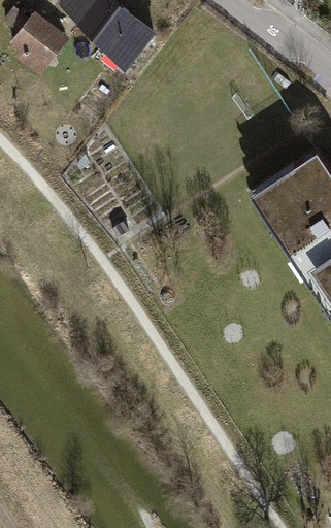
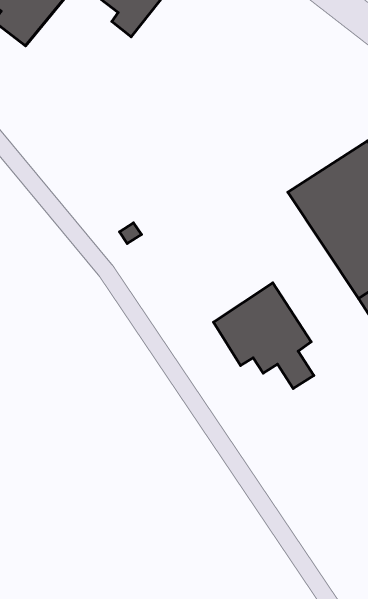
building: none -> [214,283,314,388]

